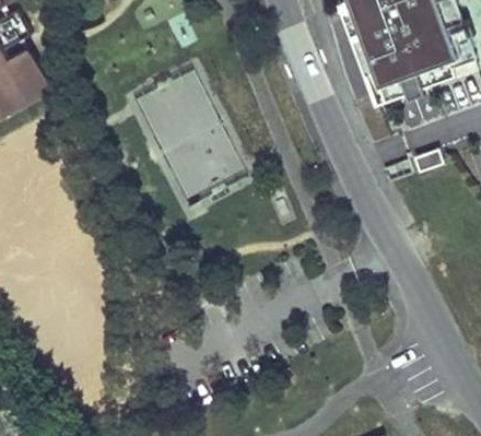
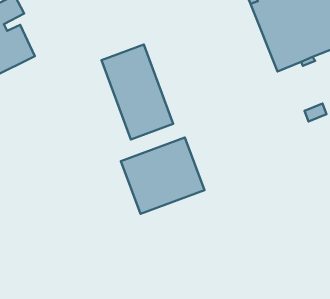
building: none -> [121,137,204,214]

